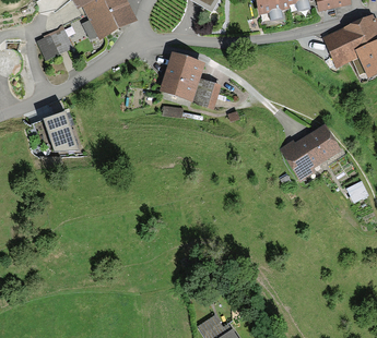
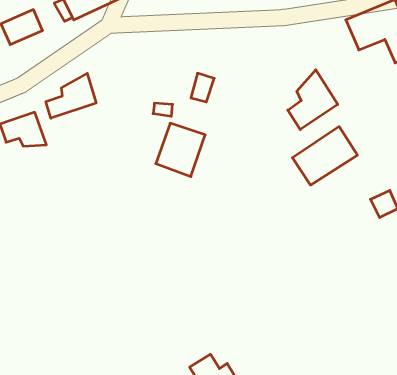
building: [160,56,201,100] -> [156,123,205,177]
building: none -> [288,70,338,130]
building: none -> [46,73,96,118]

